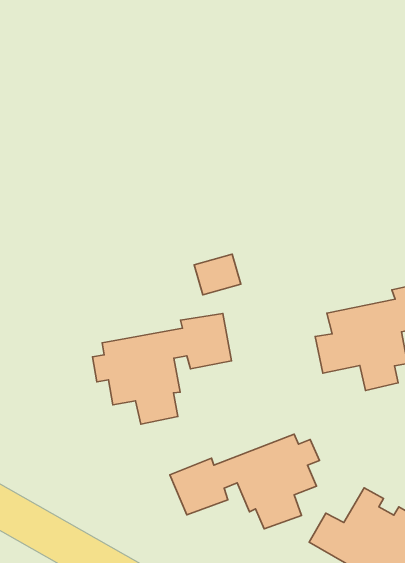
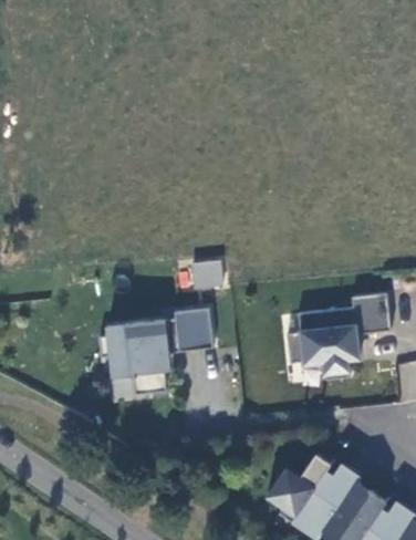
building: [170,434,319,529] -> none

